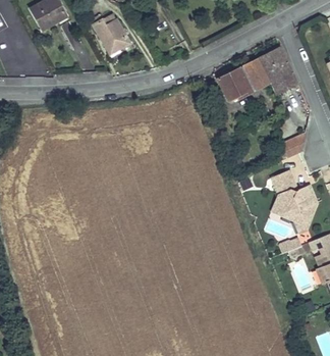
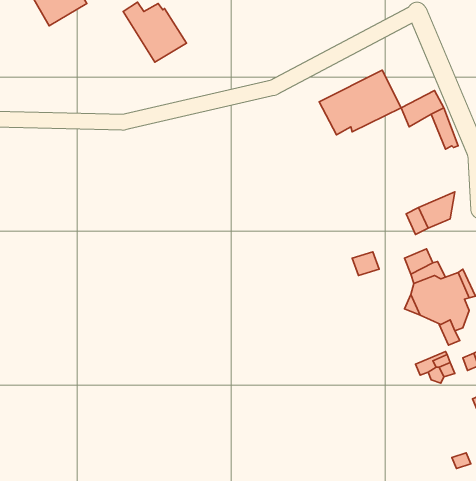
building: [258,47,291,83] -> none

